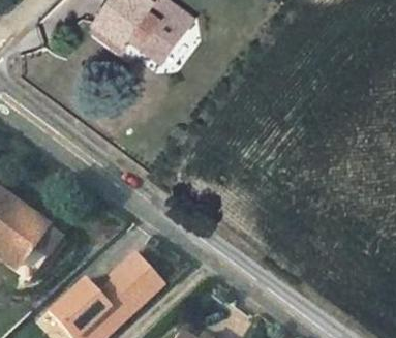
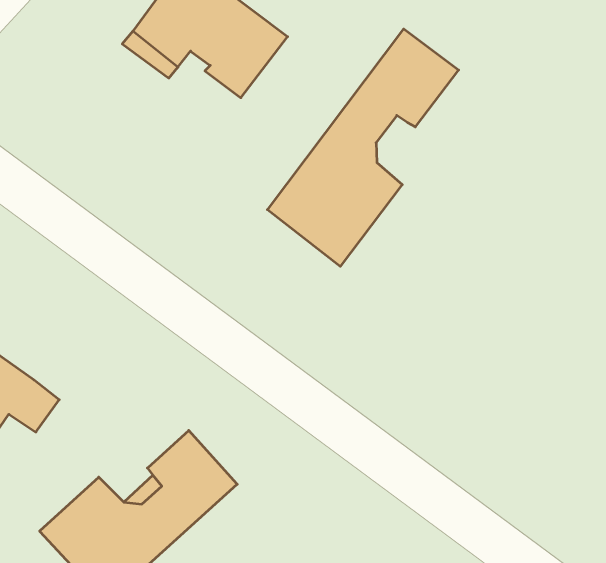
building: none -> [267,29,459,266]

